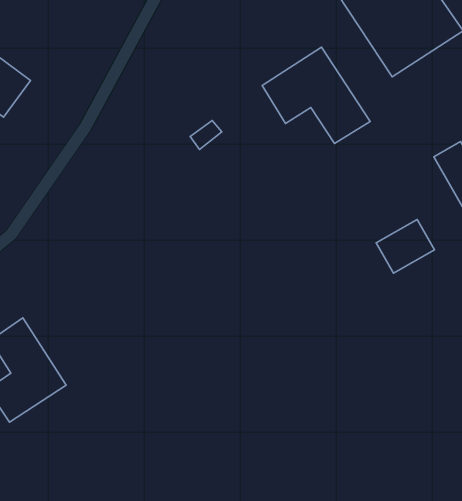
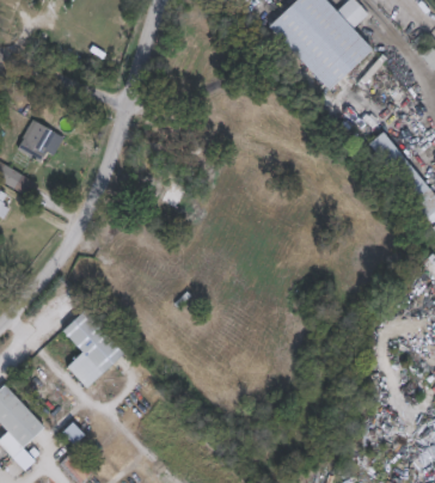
building: [262,47,370,143] -> none
building: [376,220,434,273] -> none

